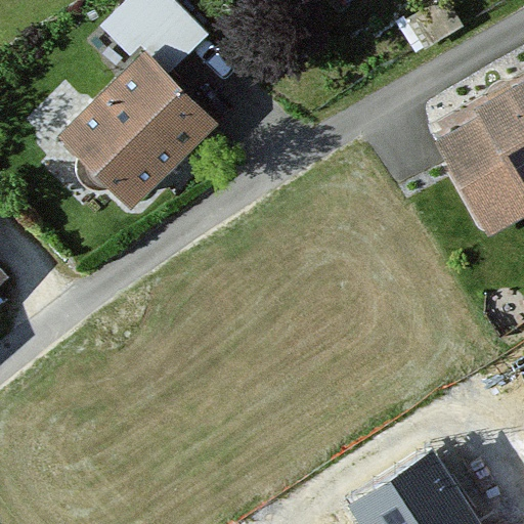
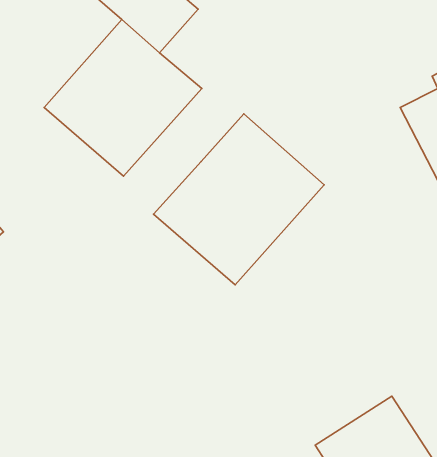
building: none -> [154,114,324,285]

